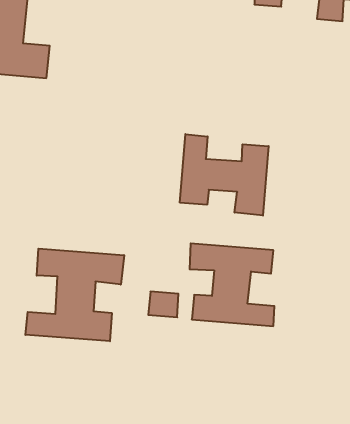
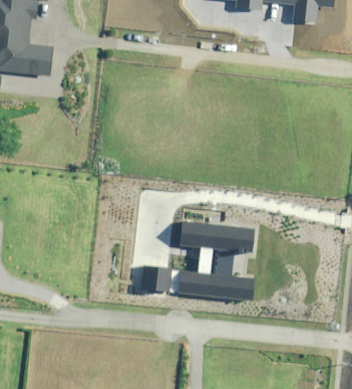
building: [180,134,269,216] -> none
building: [25,249,124,341] -> none

